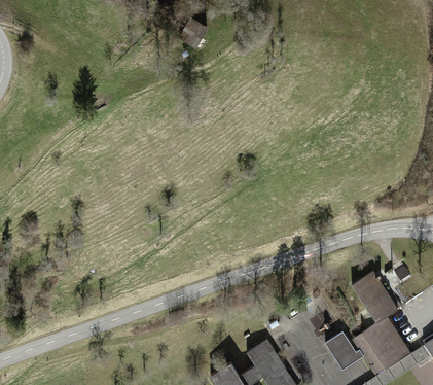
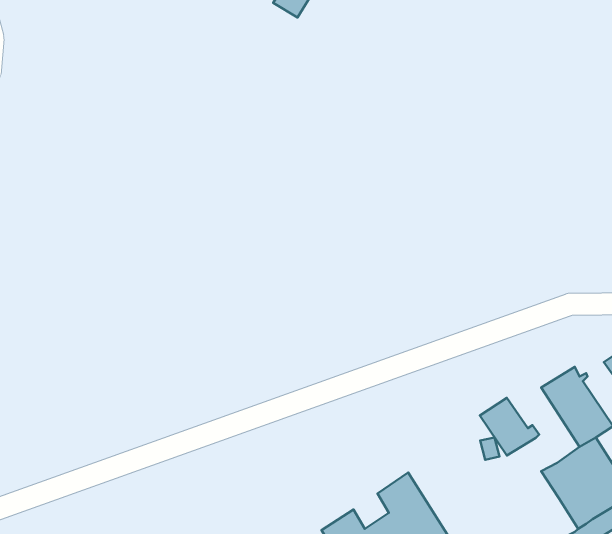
building: [325,332,363,370] -> [480,398,539,456]

